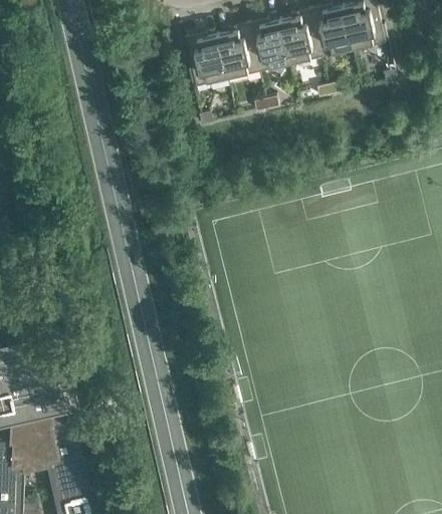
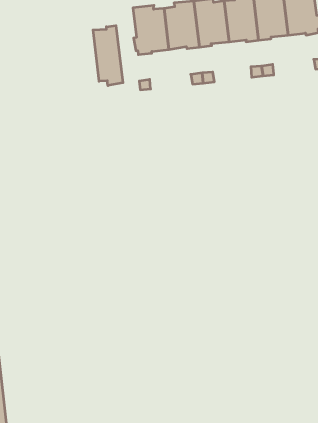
building: none -> [93,26,123,86]

